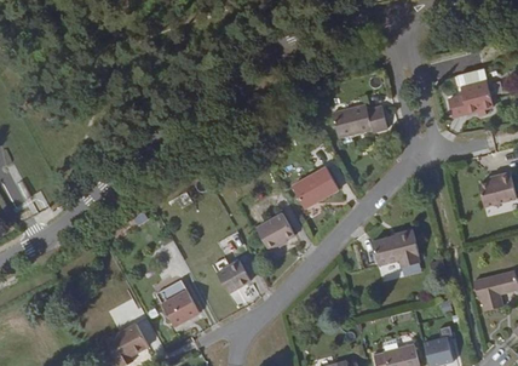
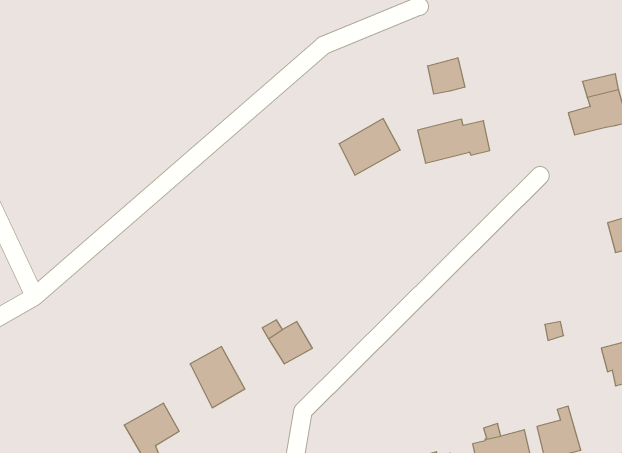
building: none -> [428,58,465,94]
building: [292,165,339,208] -> [339,119,400,175]
building: [255,212,294,250] -> none
building: [372,228,420,265] -> none

